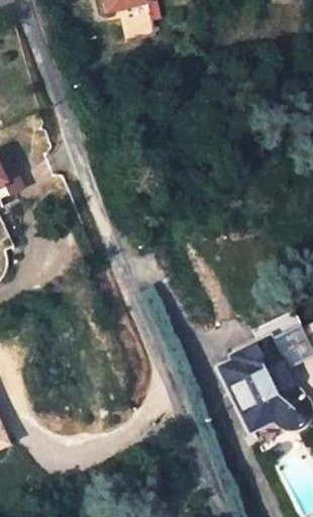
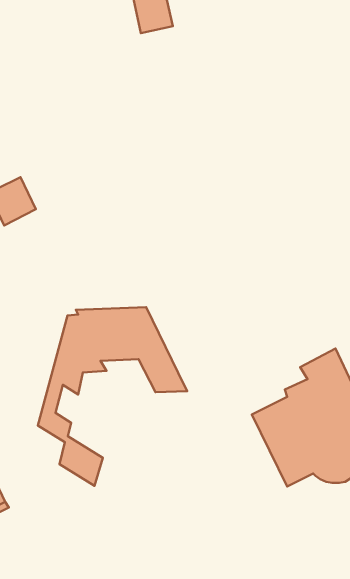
building: none -> [38,307,187,486]

